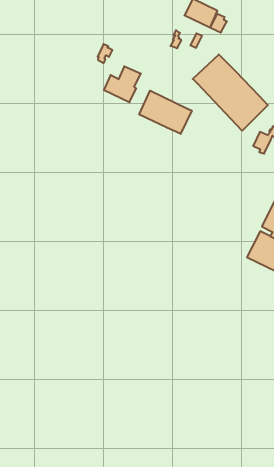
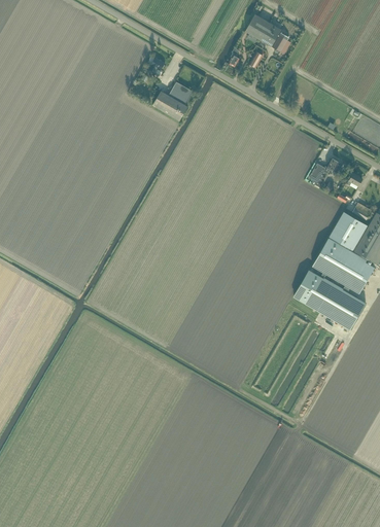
building: [193,54,268,131] -> none
building: [139,91,192,134] -> none

